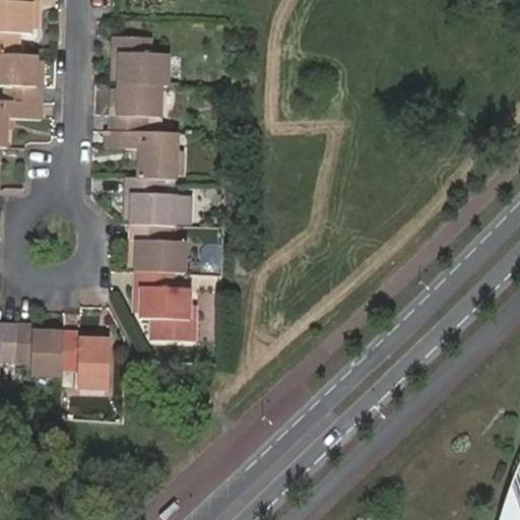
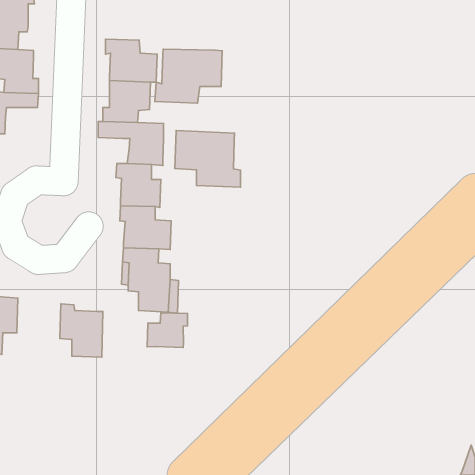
building: none -> [155,49,222,103]
building: none -> [175,131,241,187]
building: [18,324,66,375] -> none
building: none -> [147,313,187,347]

